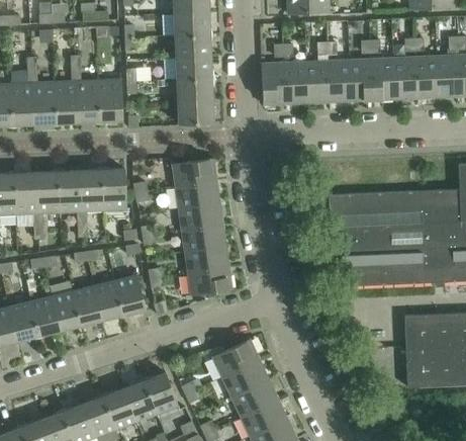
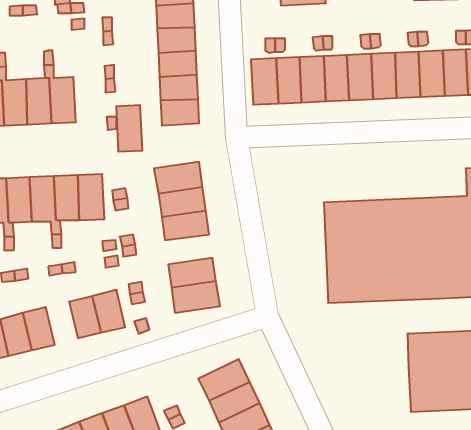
building: [98,78,122,120] -> [116,105,142,152]
building: [182,224,225,251] -> none
building: [73,285,102,325] -> none

